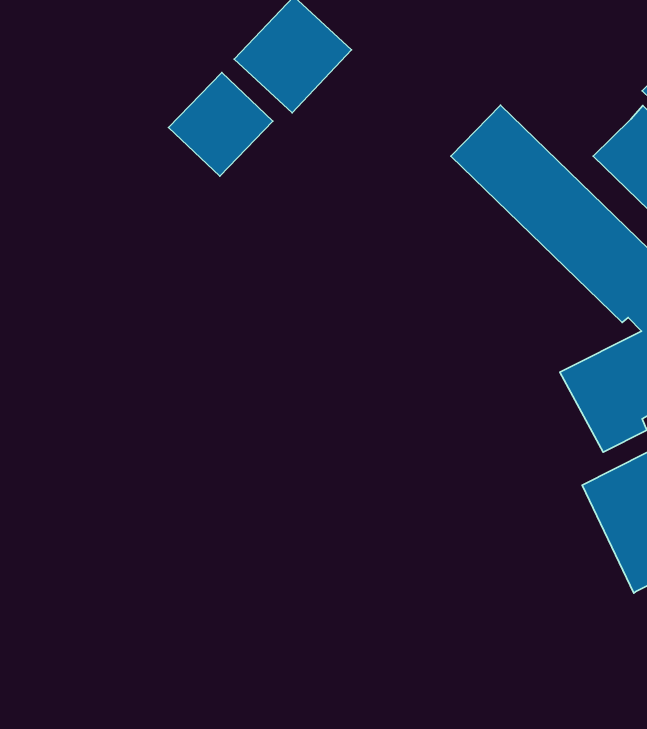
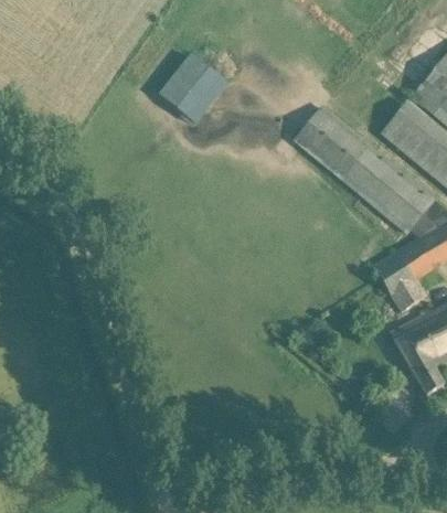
building: [169,73,273,176] -> none

